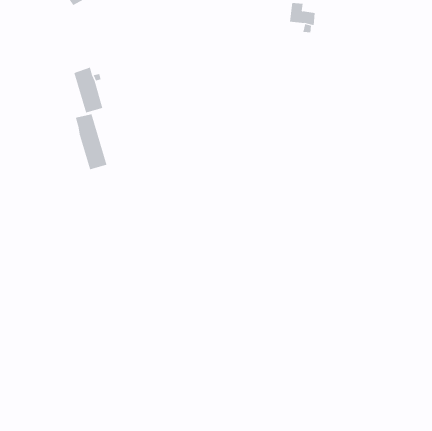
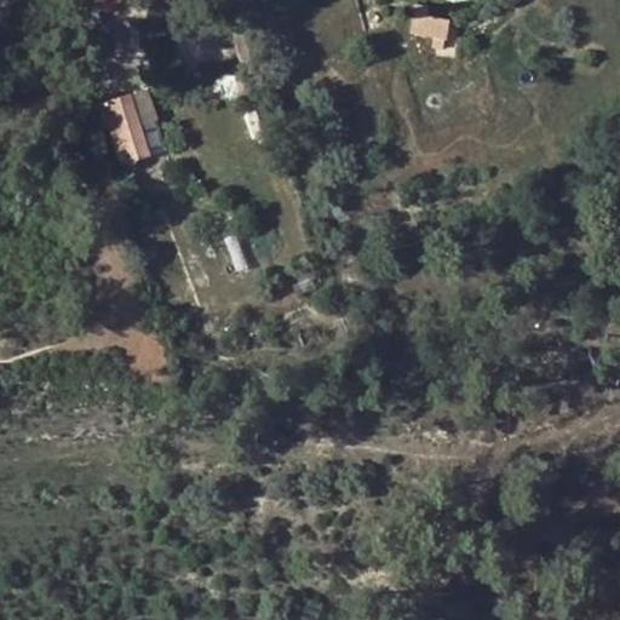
building: [75,113,107,170] -> none

